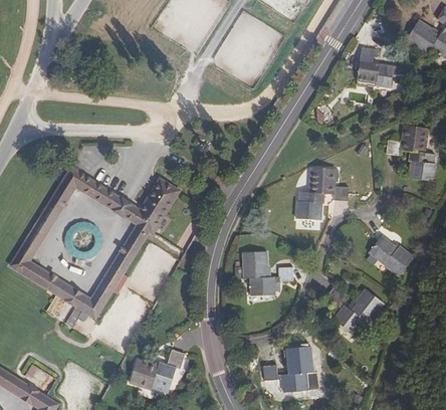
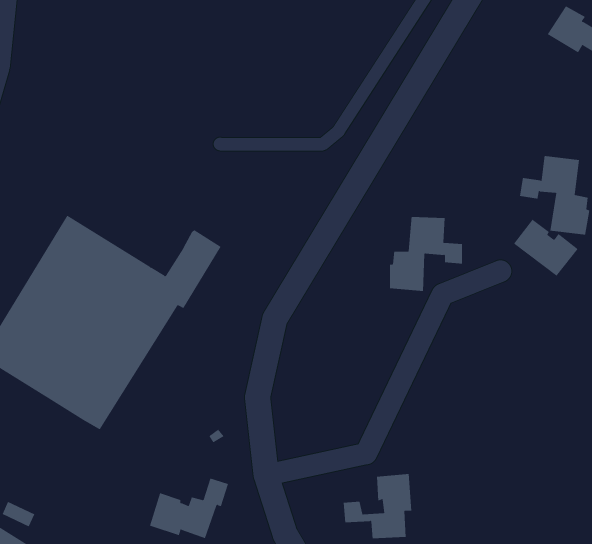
building: [356,49,393,88] -> none
building: [368,236,413,276] -> [513,219,578,277]
building: [242,252,291,295] -> none
building: [325,286,383,334] -> none

